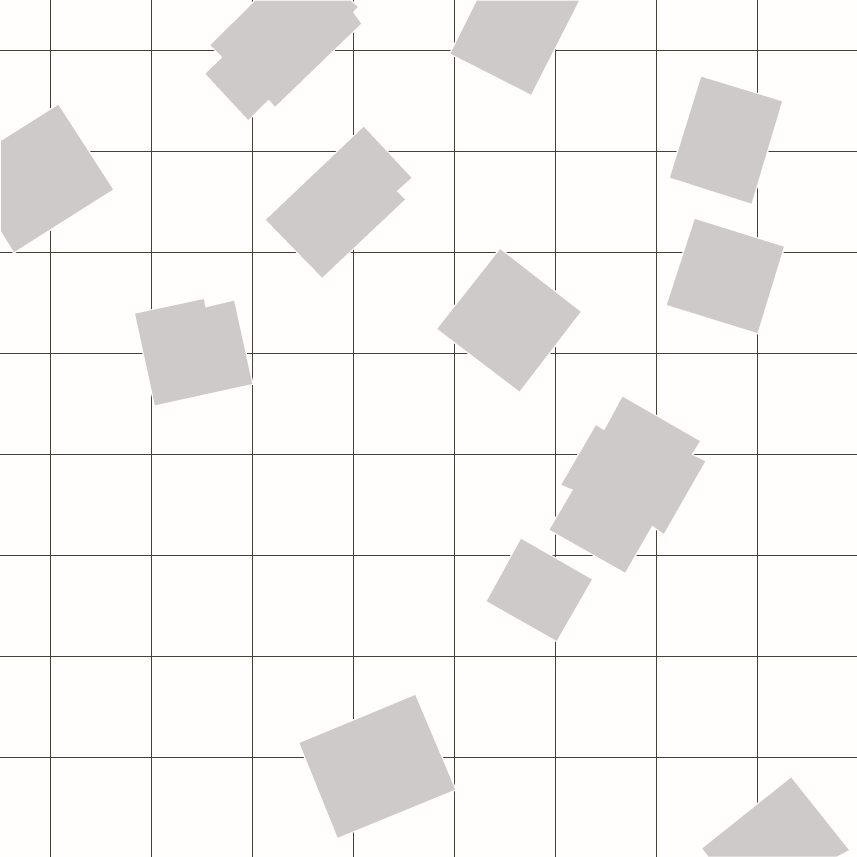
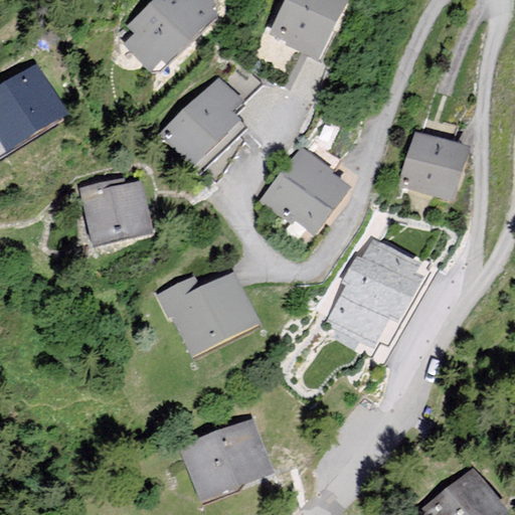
building: [669,76,783,205] -> none
building: none -> [160,274,259,358]
building: [486,538,593,642] -> none

